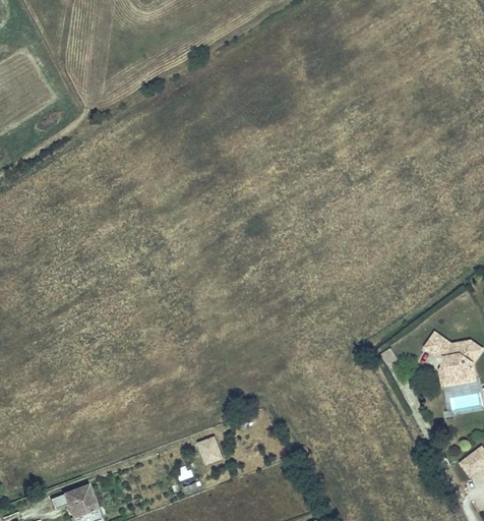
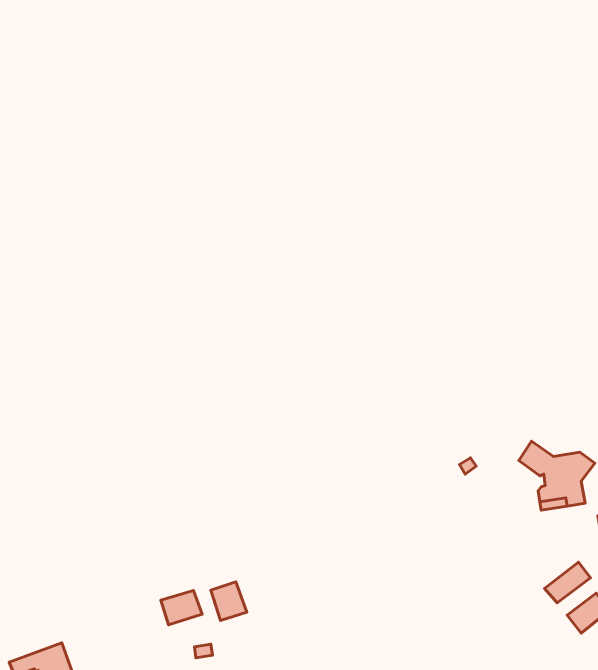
building: none -> [545,562,591,603]
building: none -> [161,591,202,625]

